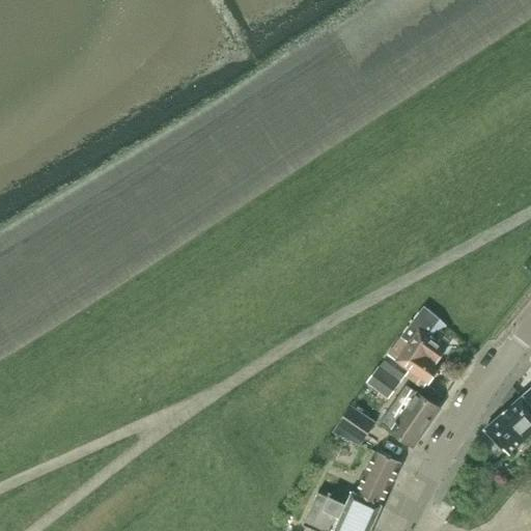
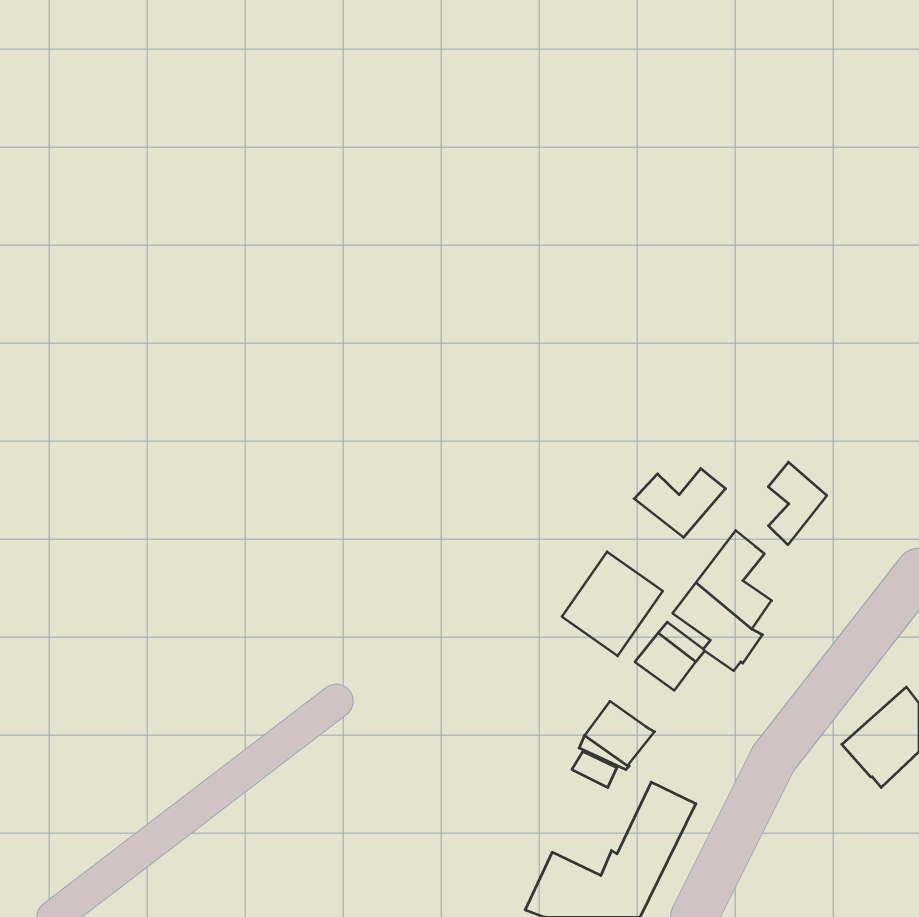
building: none -> [768,462,827,545]
building: none -> [634,468,726,537]
building: [381,385,439,445] -> [562,552,663,656]

